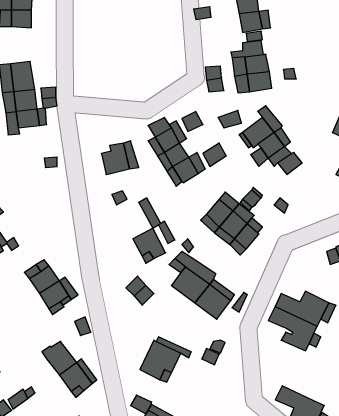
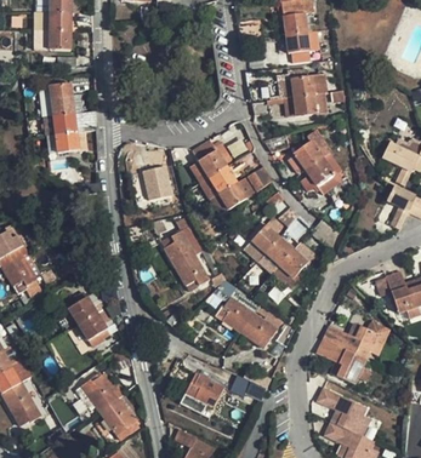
building: none -> [164,230,195,268]
building: none -> [317,387,370,436]

